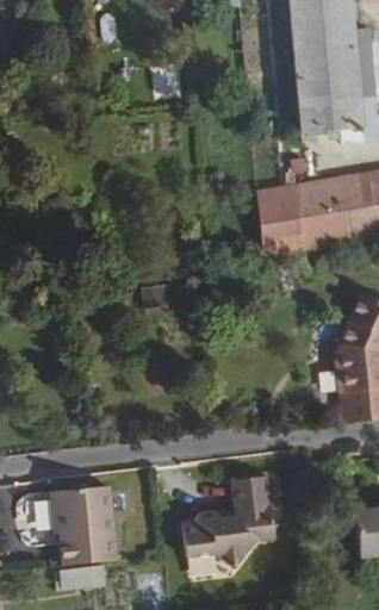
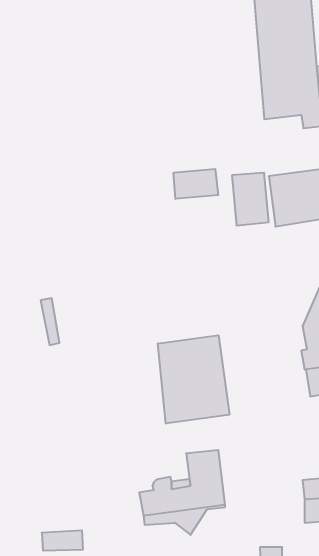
building: none -> [174,169,218,199]
building: none -> [158,335,229,424]
building: [39,486,108,567] -> none

